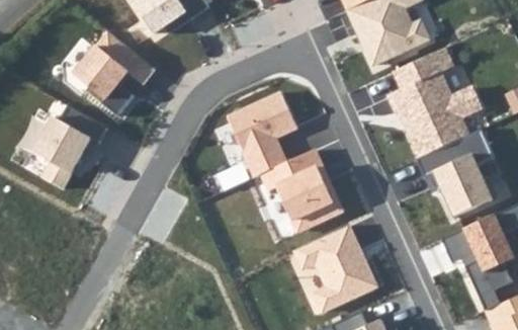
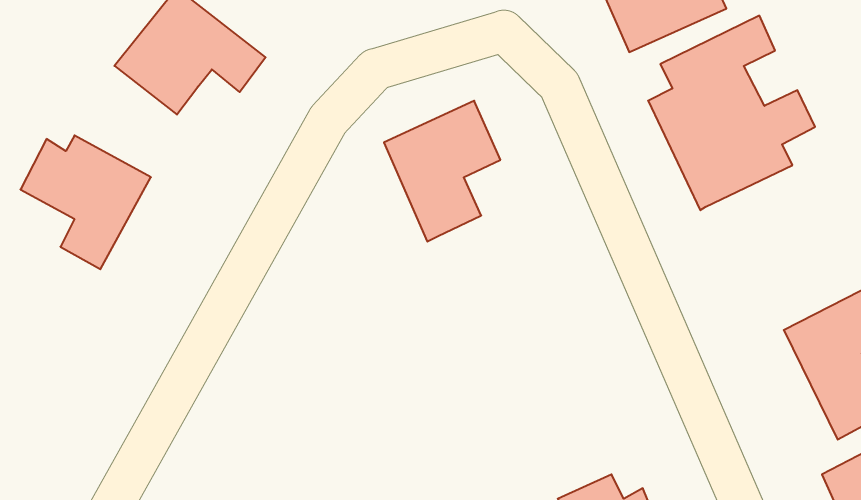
building: [417,127,499,223] -> none
building: [261,149,336,230] -> none
building: [296,228,377,312] -> none

